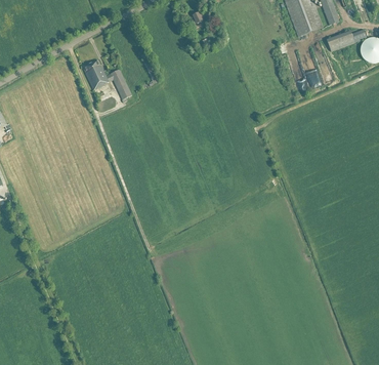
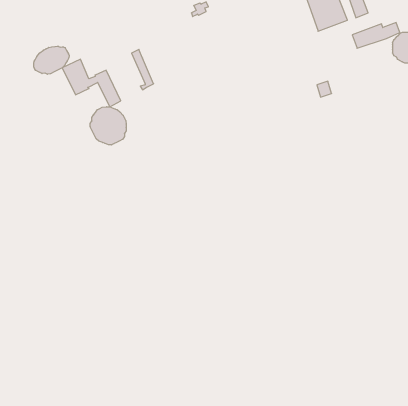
building: none -> [34,46,69,74]
building: none -> [90,107,126,145]

